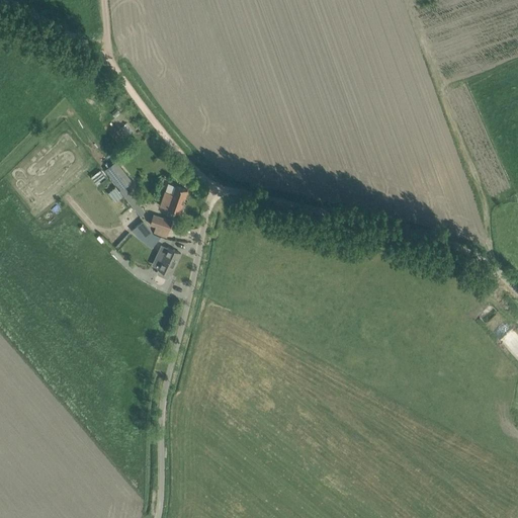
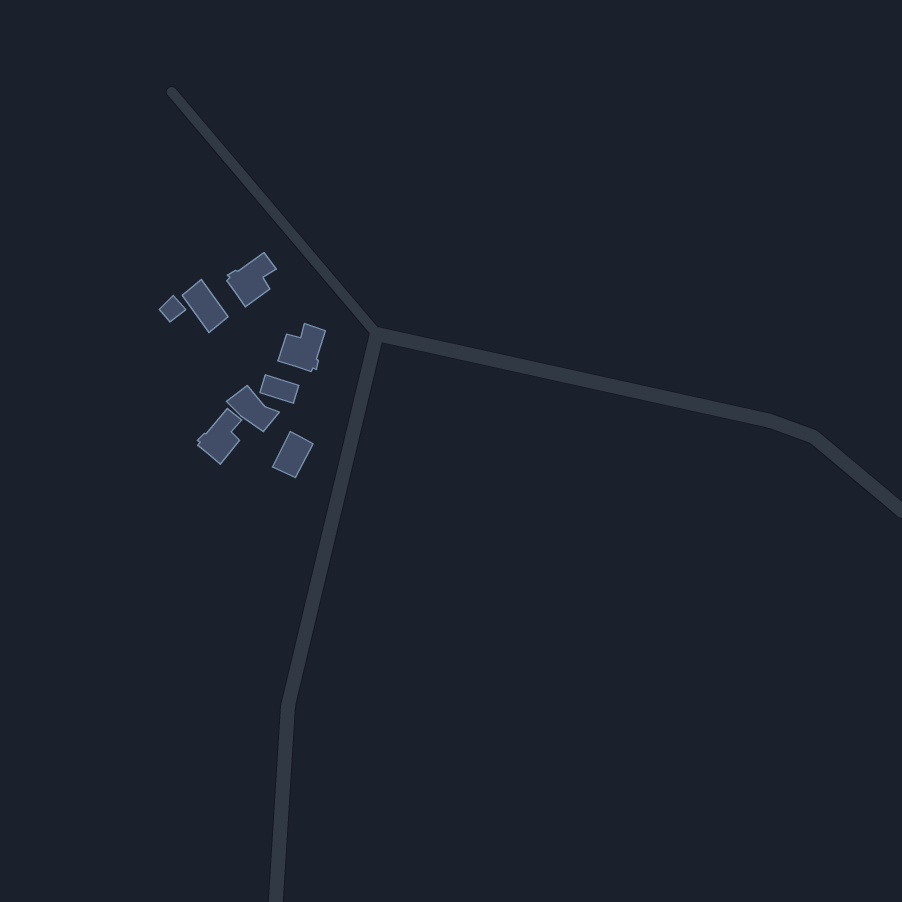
building: none -> [227,253,276,307]
building: none -> [197,408,242,464]

